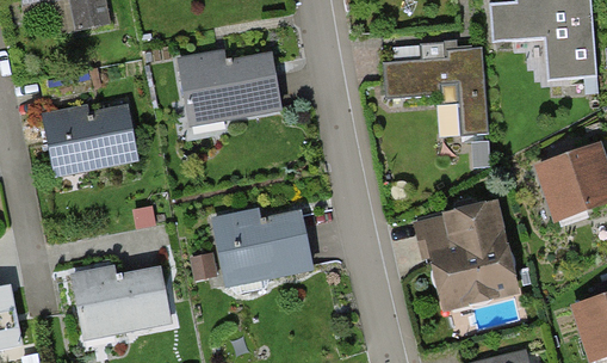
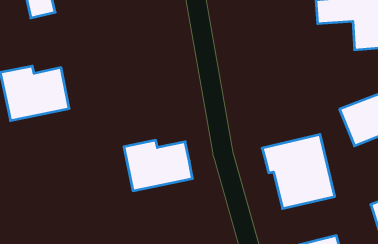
building: [386,48,485,135] -> none
building: [182,50,284,125] -> none
building: [63,265,169,340] -> none

